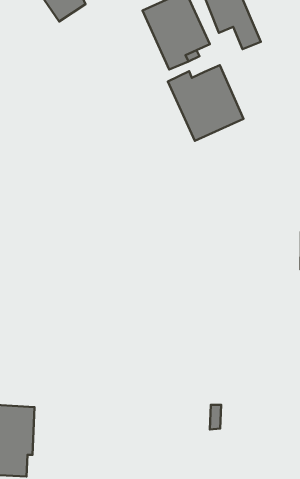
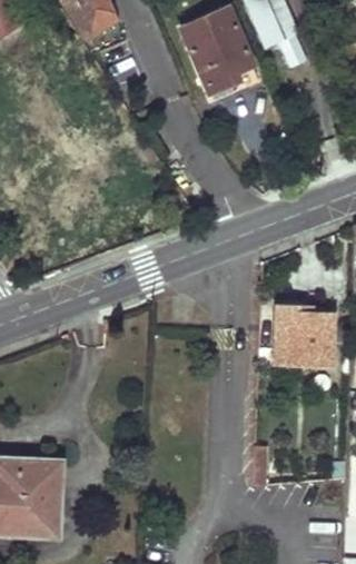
building: [168,65,244,141] -> none
building: none -> [275,306,334,364]

